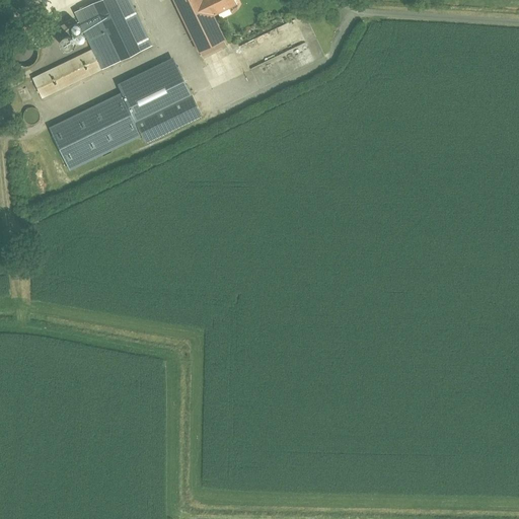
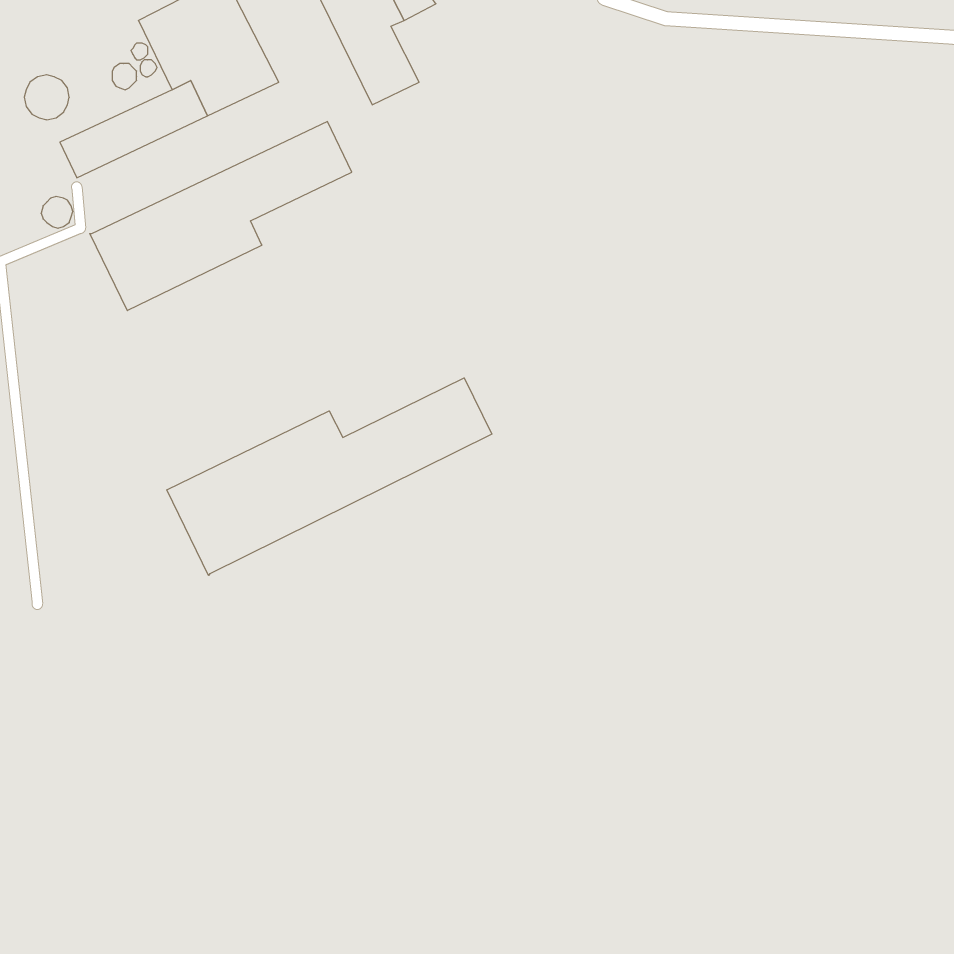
building: [136,93,201,141] -> none
building: none -> [167,378,492,575]

